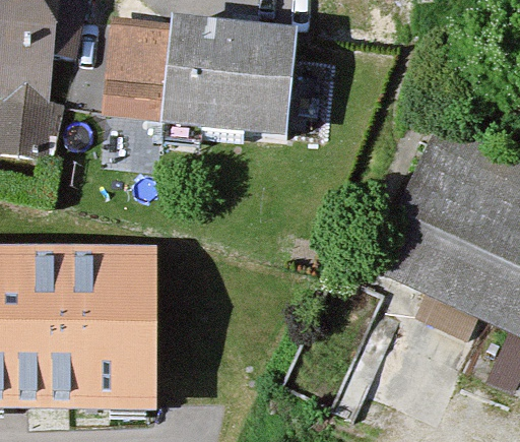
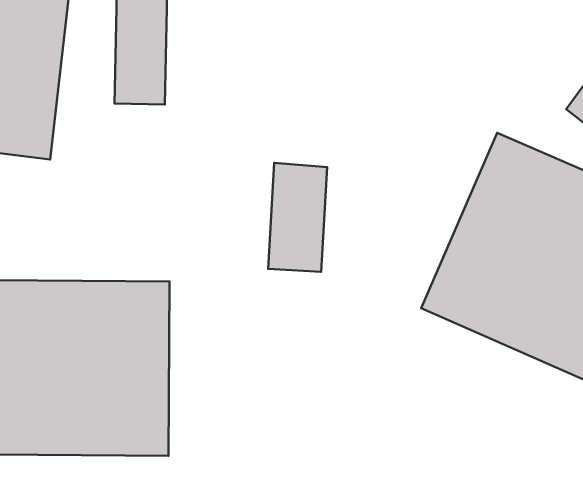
building: [165,15,292,138] -> none
building: none -> [268,163,327,272]

